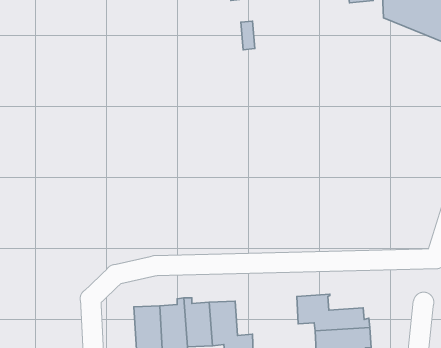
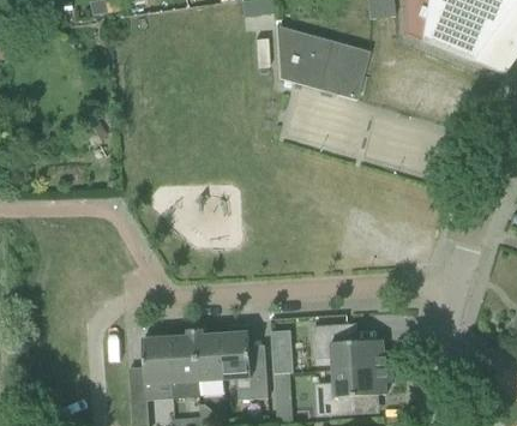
building: none -> [276,25,369,100]
building: none -> [272,330,294,372]

